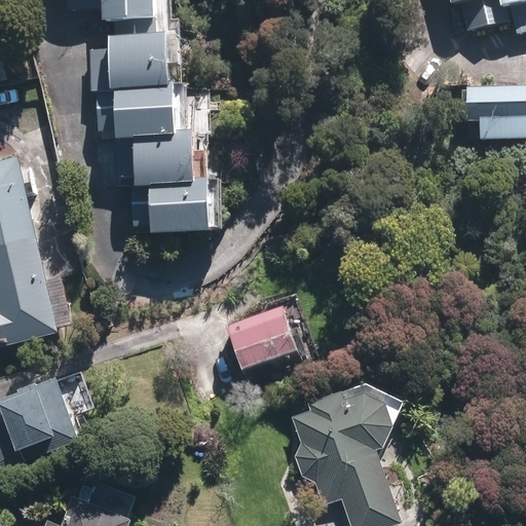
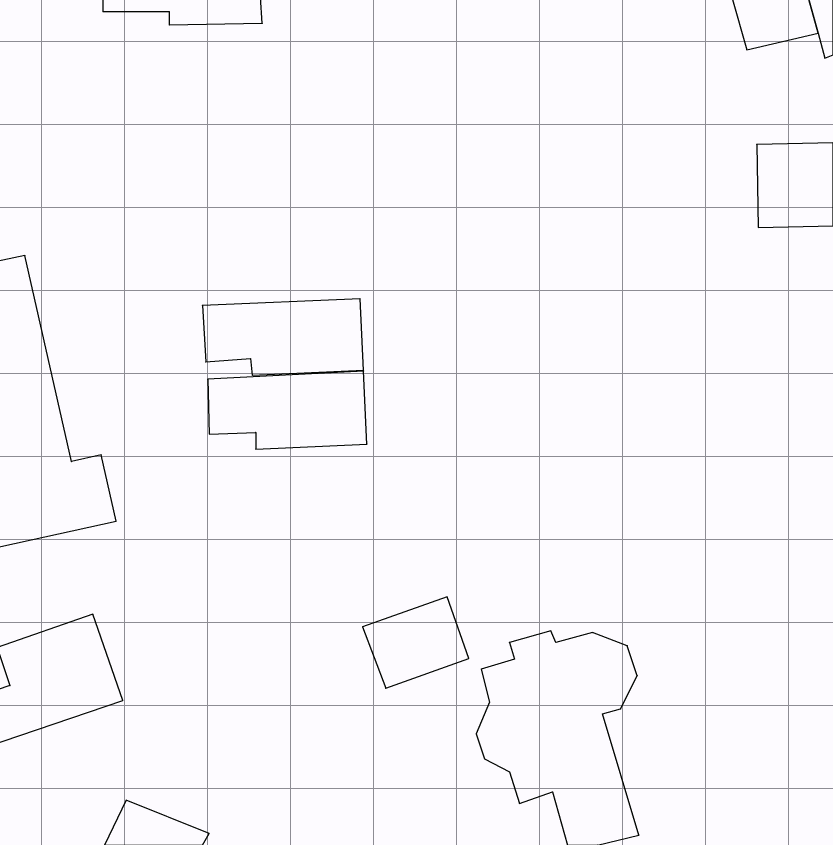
building: [86,37,191,88] -> none
building: [89,88,189,136] -> none
building: [109,137,208,185] -> [208,371,367,449]
building: [230,304,296,361] -> [363,597,469,688]

